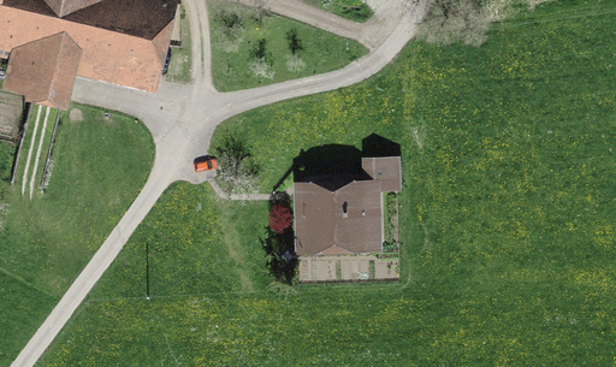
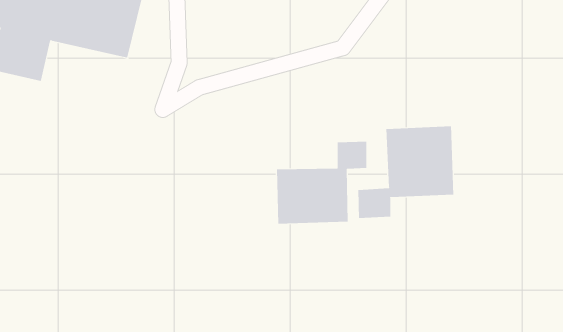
building: none -> [358,126,454,219]

